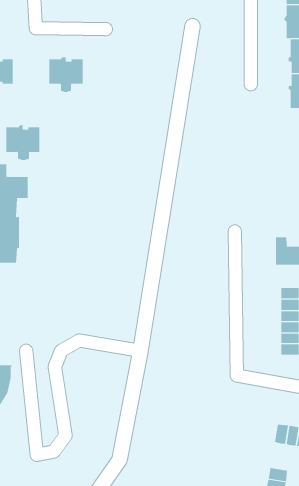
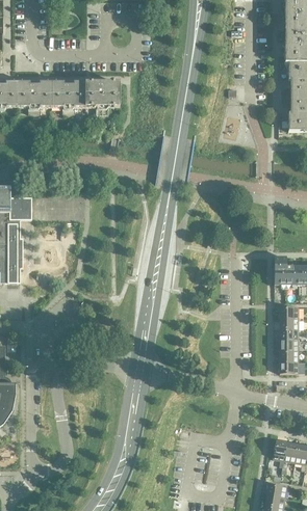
building: none -> [85,79,120,122]
building: [5,125,40,161] -> [17,79,51,114]

